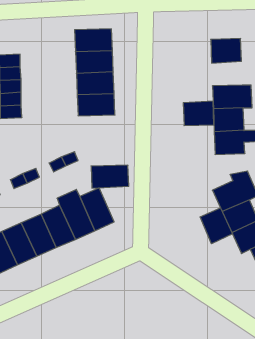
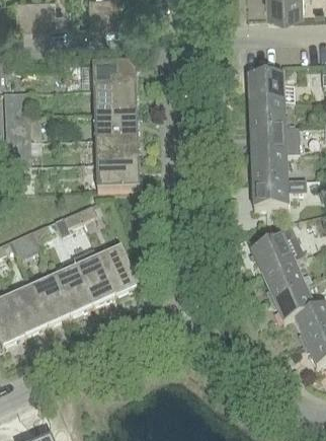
building: [183,101,214,126] -> [249,98,284,127]
building: [91,165,129,188] -> [95,160,139,187]
building: [200,208,232,244] -> none

